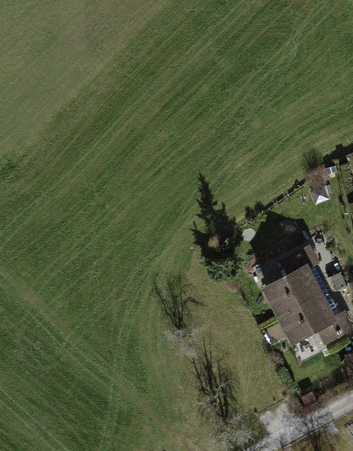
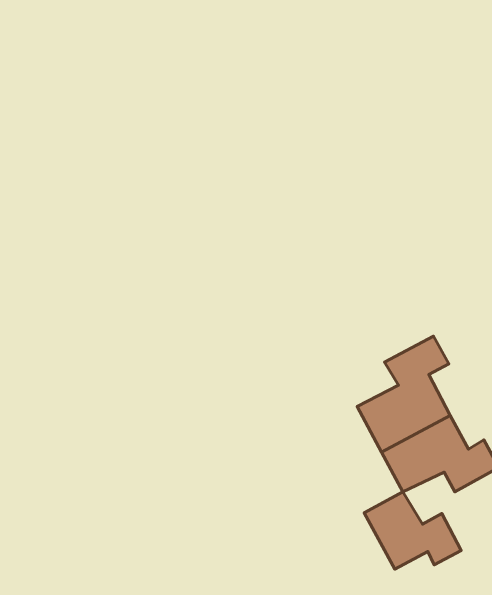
building: none -> [364,492,461,569]

